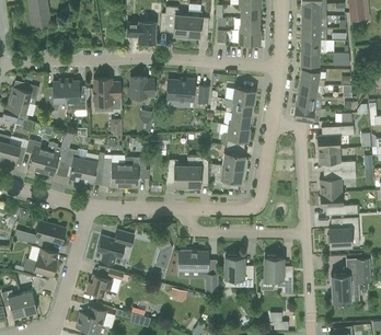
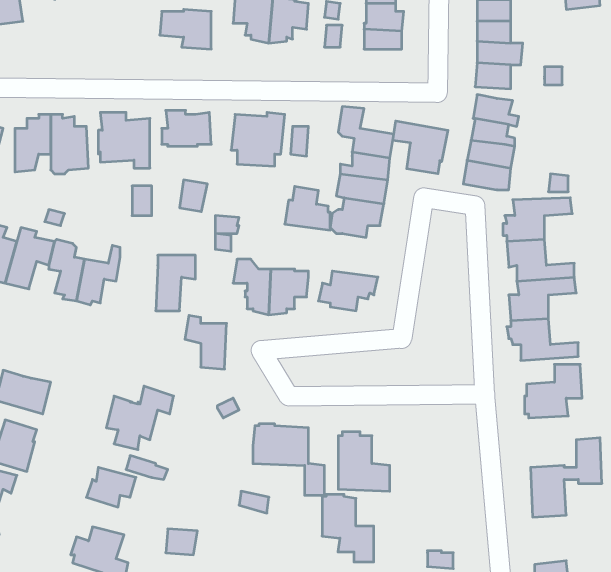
building: none -> [393,121,448,174]
building: [221,146,246,170] -> [285,186,330,230]
building: [102,159,125,188] -> [185,315,227,369]
building: [264,256,292,293] -> [322,494,374,562]

